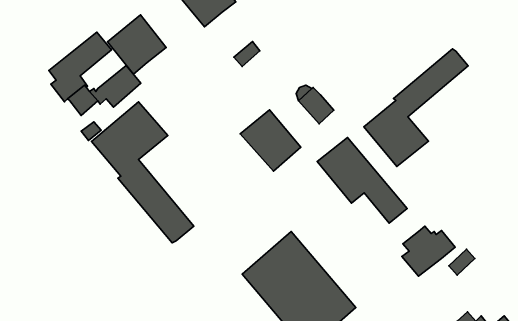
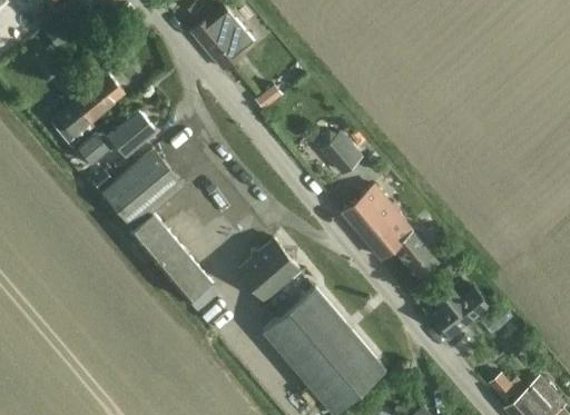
building: [107,15,166,74] -> none
building: [364,49,468,167] -> none
building: [240,110,301,171] -> [244,241,308,307]

